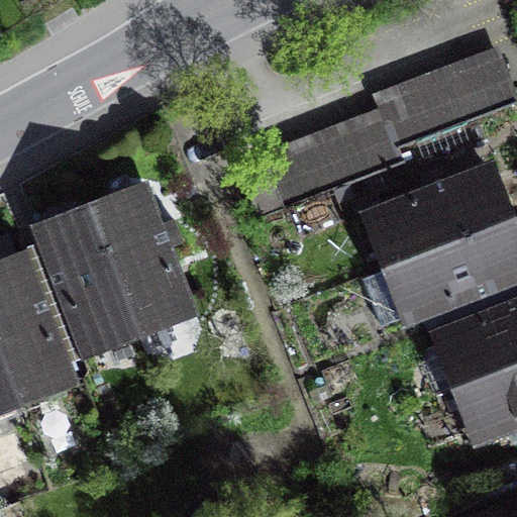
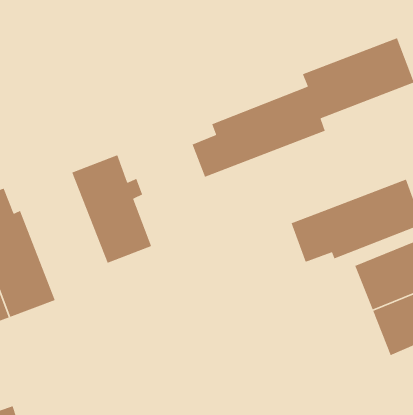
building: [374,167,506,266] -> none
building: [36,215,136,349] -> none

